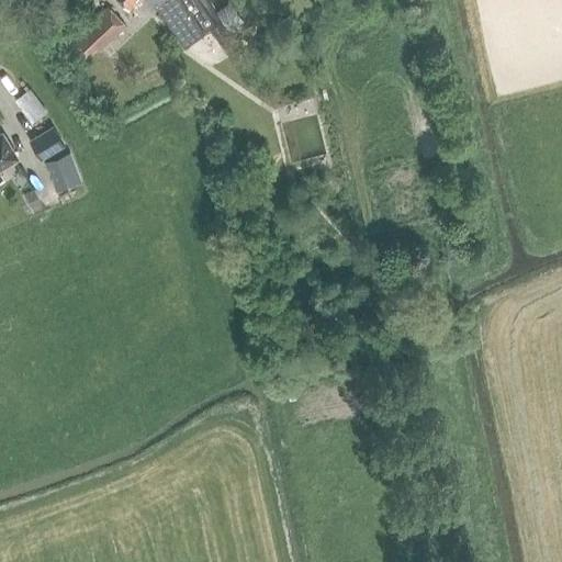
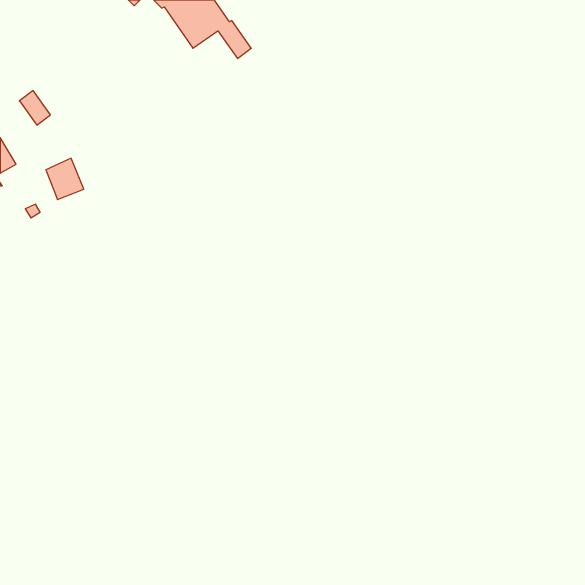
building: [67,7,127,63] -> none
building: [29,126,65,161] -> none

